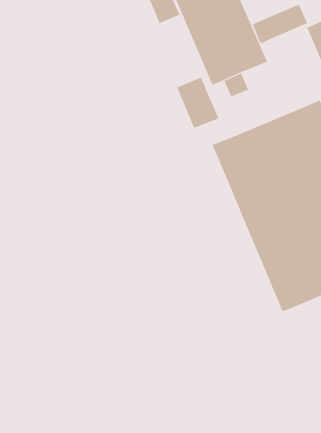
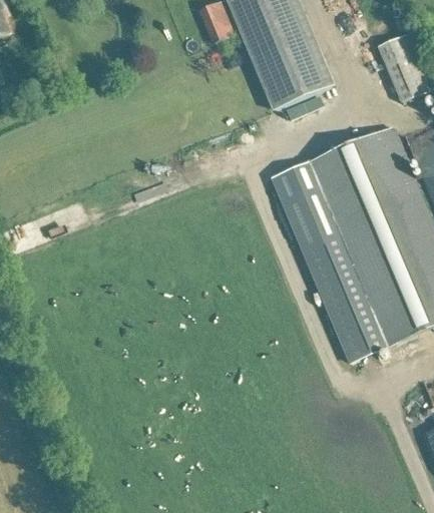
building: [252,4,308,44] -> none
building: [177,77,219,129] -> none

